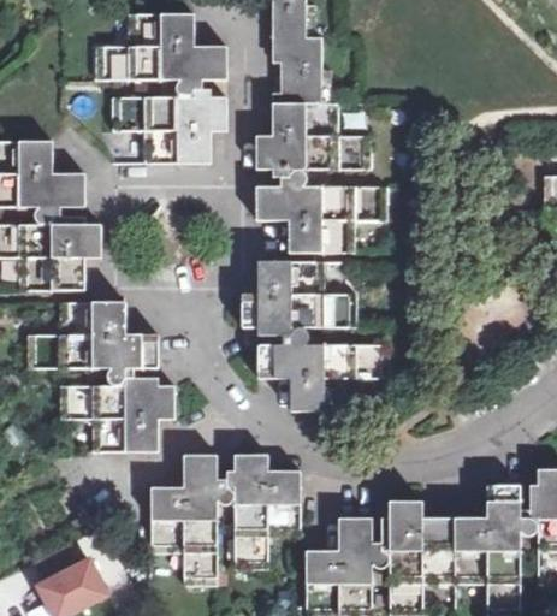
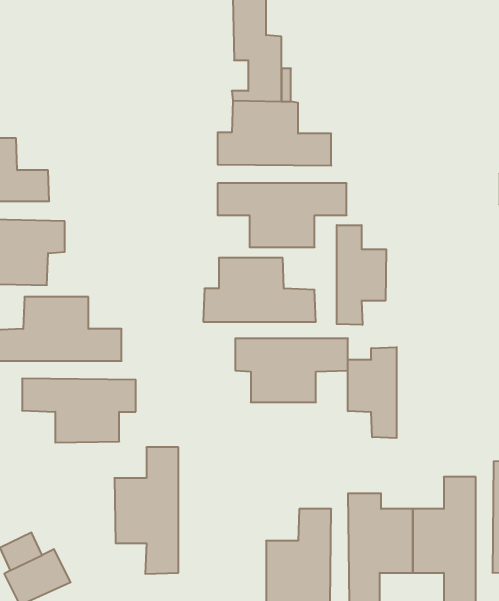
building: [94,14,226,78] -> none
building: [111,97,226,161] -> none
building: none -> [337,225,386,325]
building: none -> [348,347,397,438]
building: [235,455,300,568] -> none

